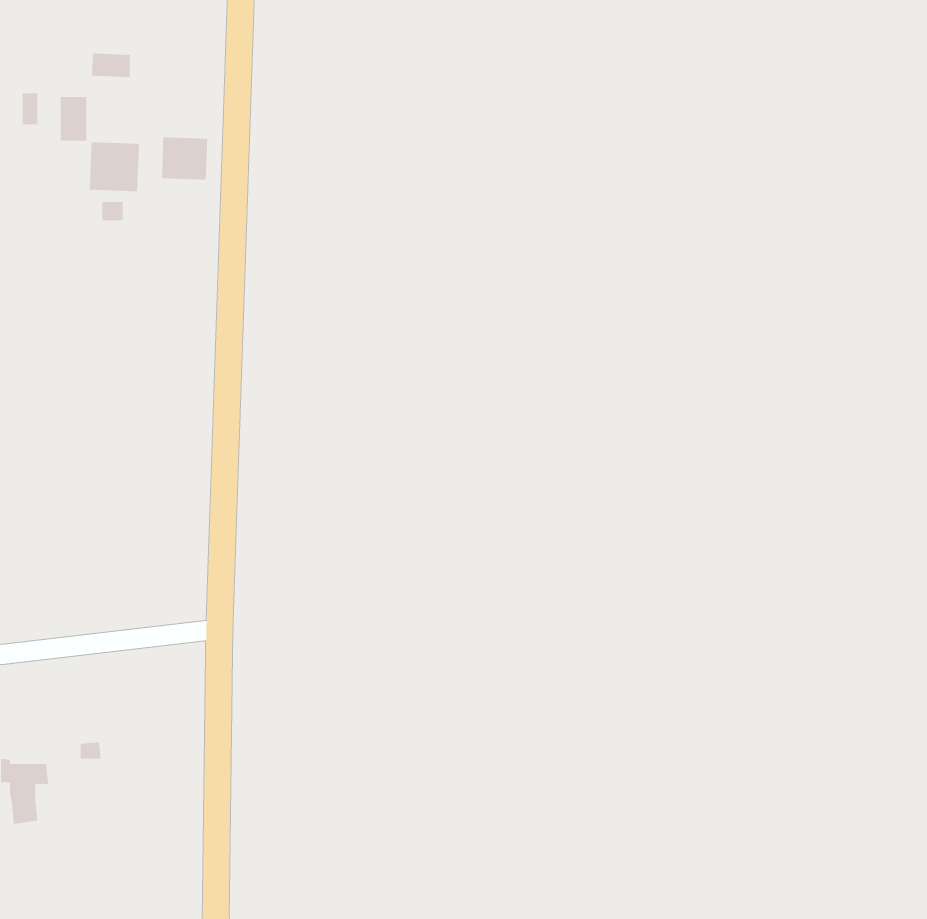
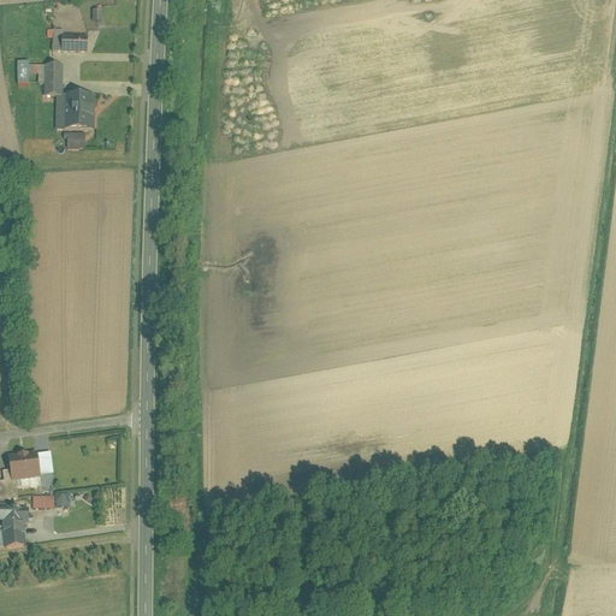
building: [161,136,208,180] -> none
building: none -> [6,449,38,478]

